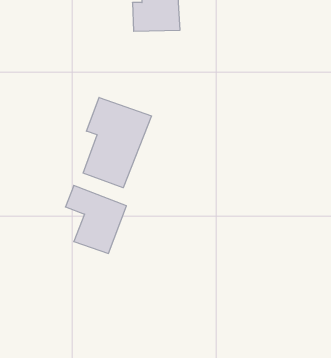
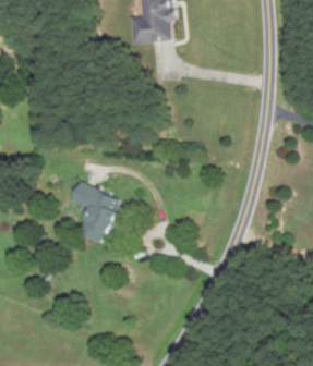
building: [83,97,151,188] -> none

